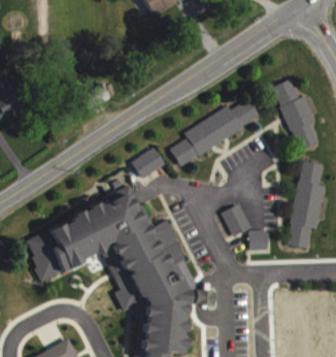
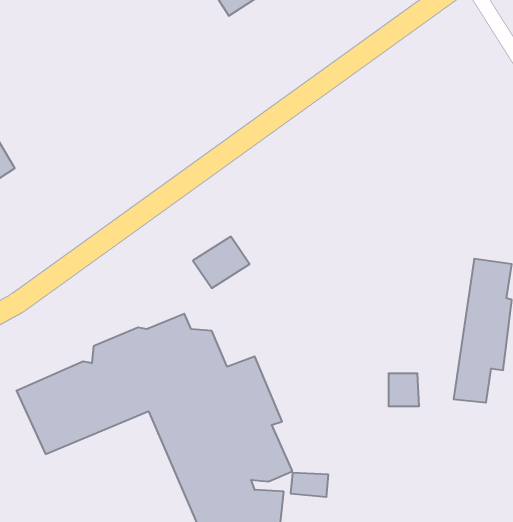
building: [273,78,318,150] -> none
building: [169,98,260,165] -> none
building: [221,203,249,235] -> none

